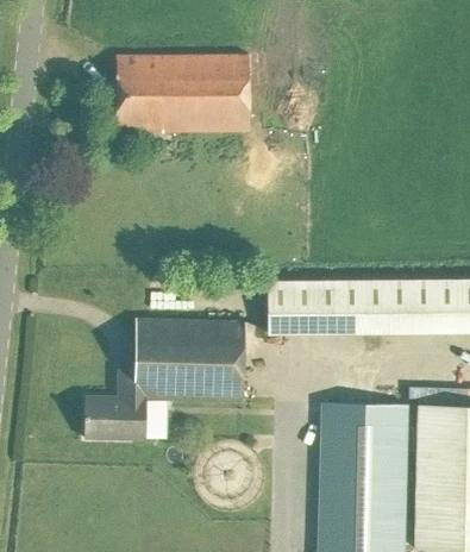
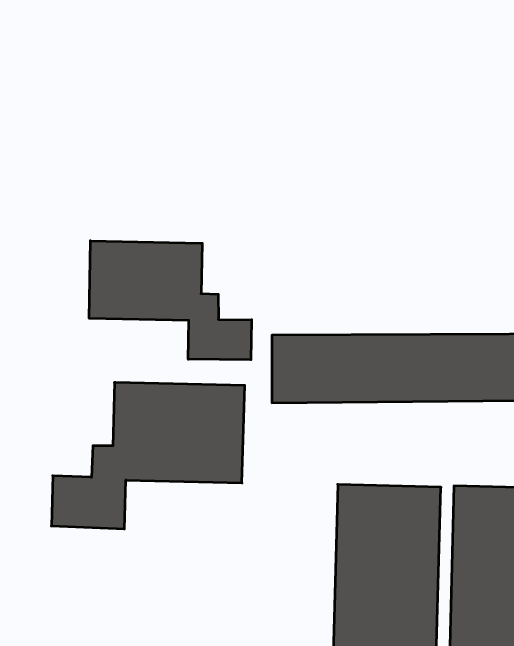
building: [115,56,252,138] -> none
building: none -> [89,241,252,360]

